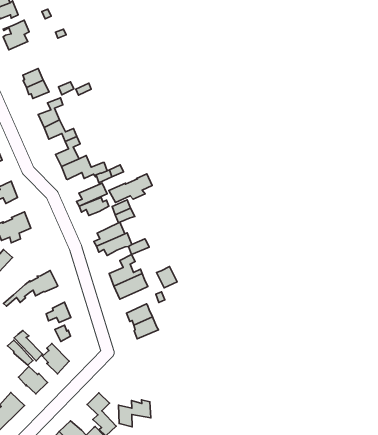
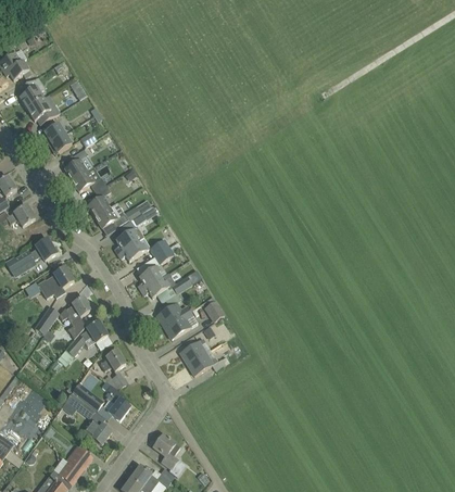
building: none -> [26,93,59,124]
building: [109,174,152,203] -> none
building: none -> [59,295,91,337]
building: [119,400,151,427] -> none

